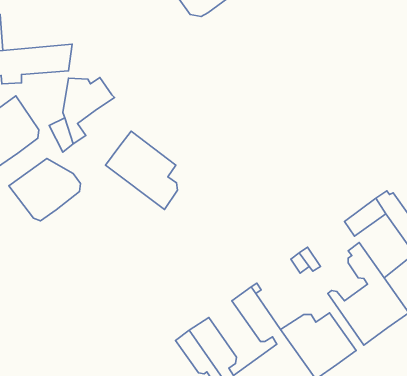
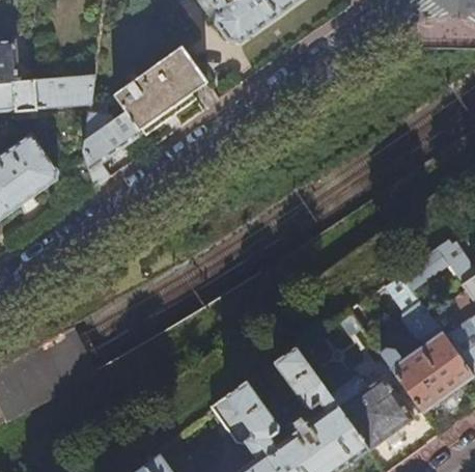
building: none -> [104,47,207,131]
building: [106,131,177,210] -> none
building: [9,158,80,221] -> none

